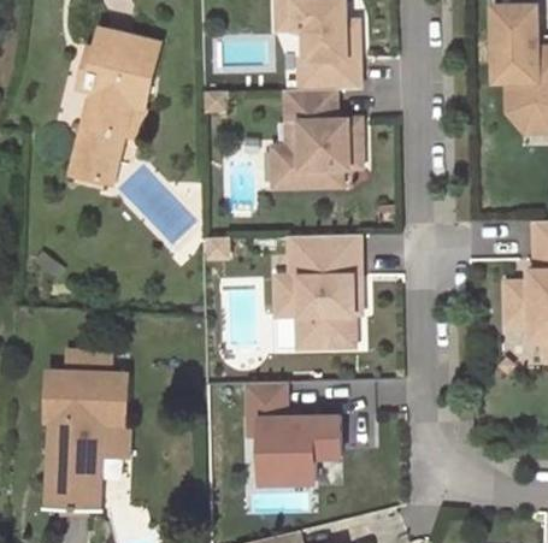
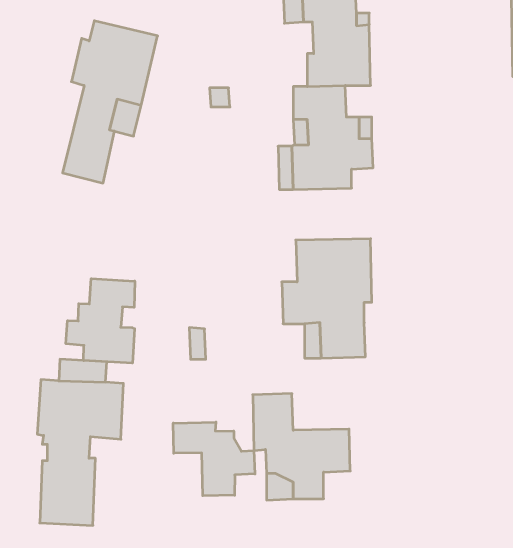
building: none -> [66,279,135,363]
building: none -> [173,422,255,496]

